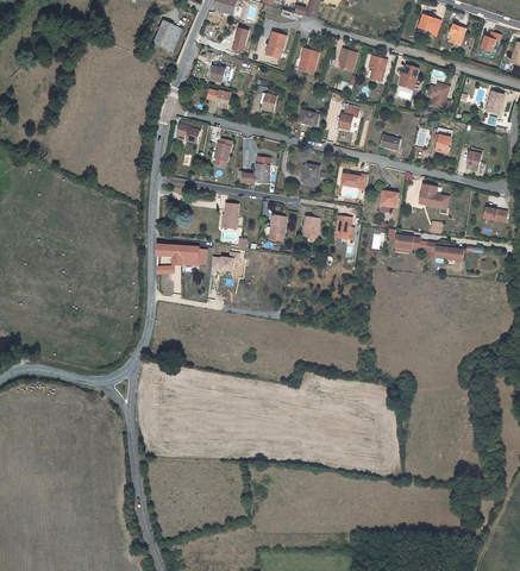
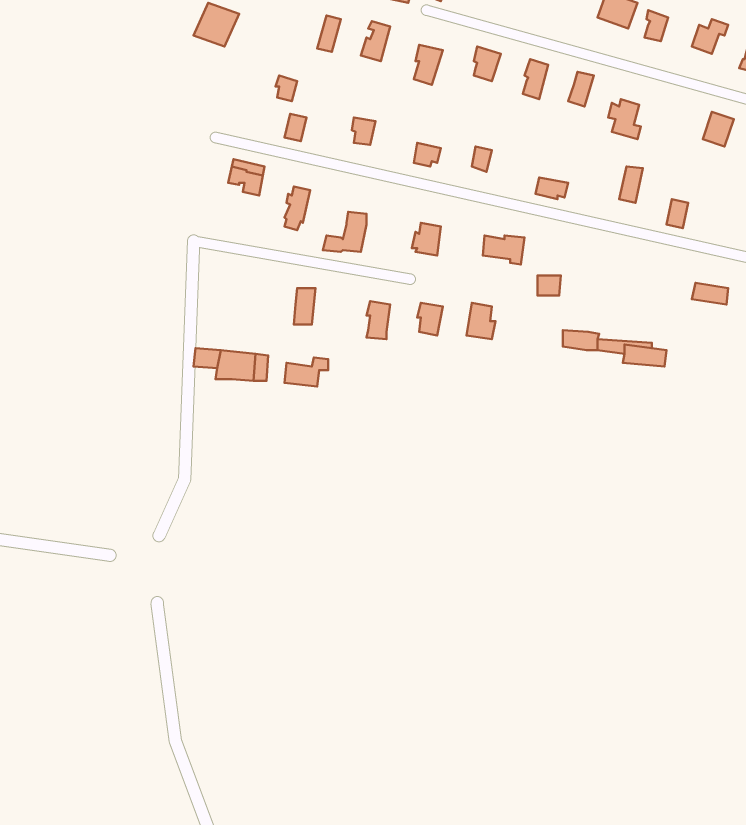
building: [420,182,455,209] -> none

